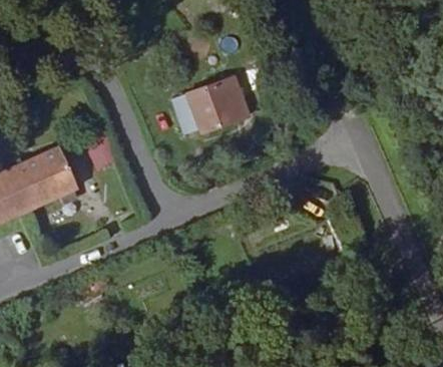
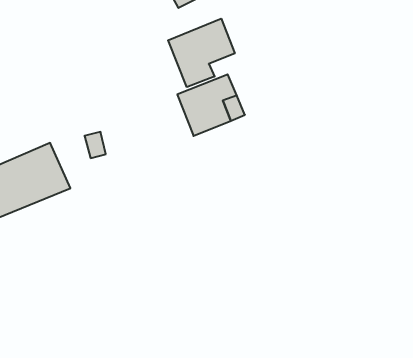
building: none -> [168,19,235,87]

